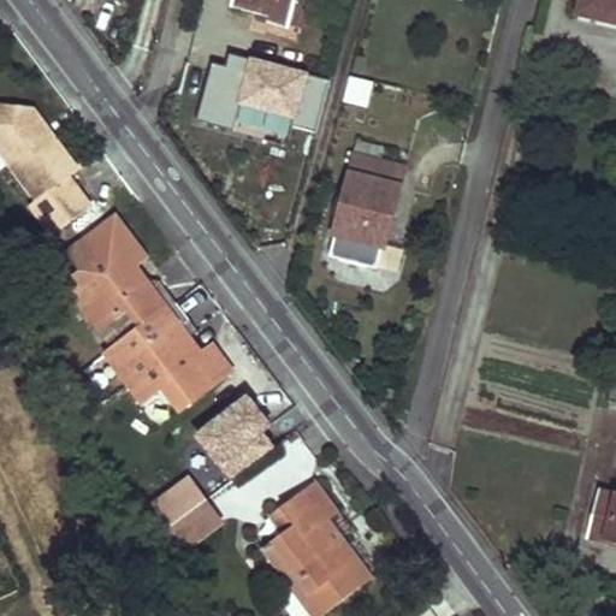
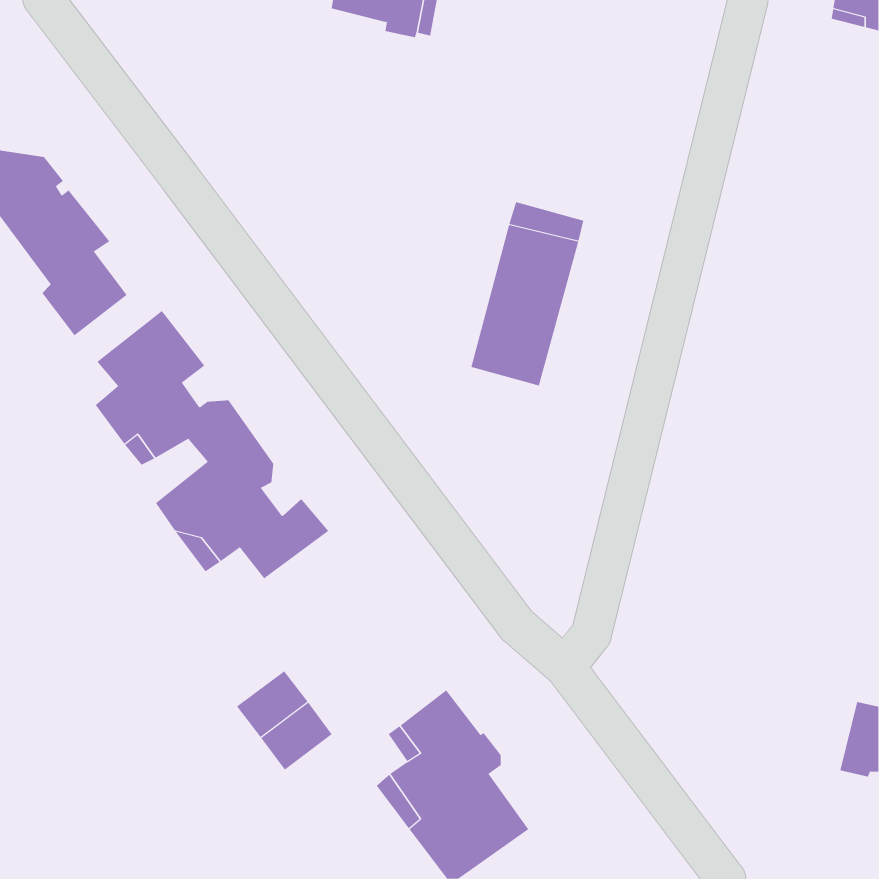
building: [195,55,325,140] -> none
building: [186,386,272,479] -> none

